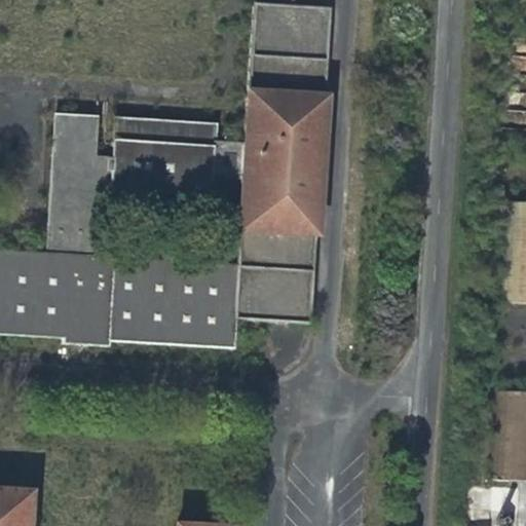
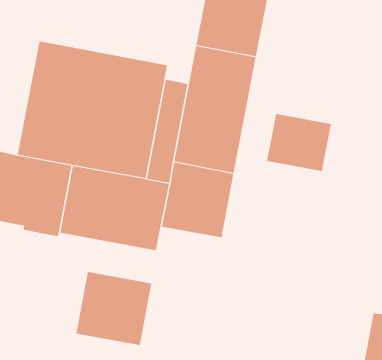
building: none -> [267,113,331,172]
building: none -> [76,271,152,346]

